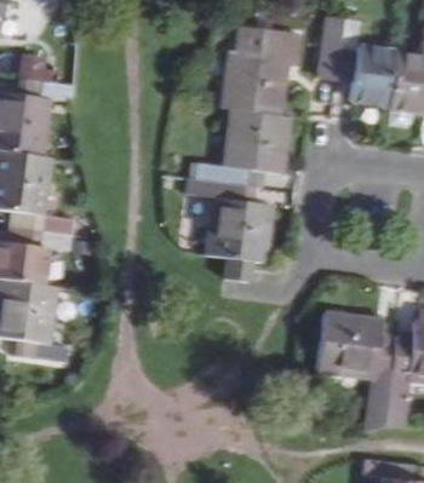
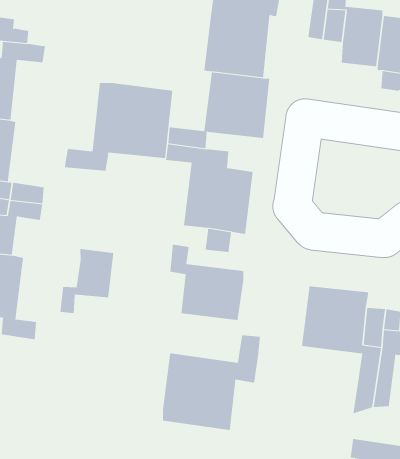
building: none -> [64,82,173,171]
building: none -> [170,244,244,321]
building: none -> [60,248,114,314]
building: none -> [163,334,261,431]

